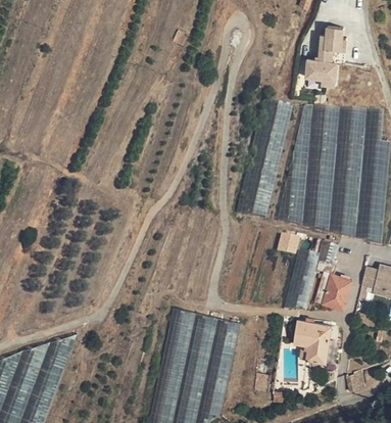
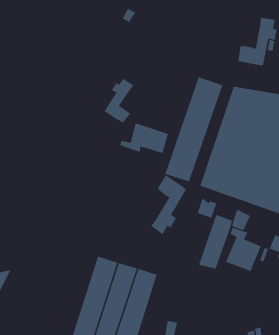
building: none -> [104,78,134,123]
building: none -> [120,122,169,154]
building: none -> [151,175,187,235]
building: [294,320,333,363] -> none

